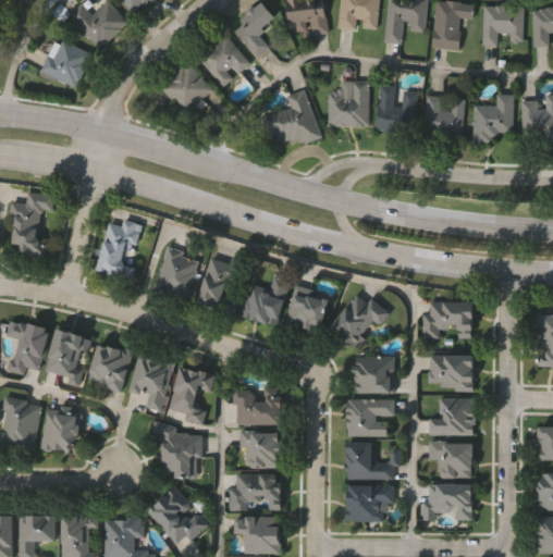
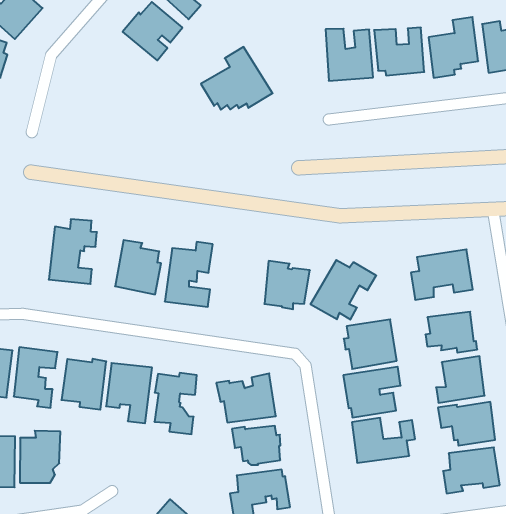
building: [160,63,212,115] -> none
building: [325,81,368,128] -> none
building: [237,276,290,327] -> none
building: [151,422,200,478] -> none
building: [346,484,394,520] -> none

